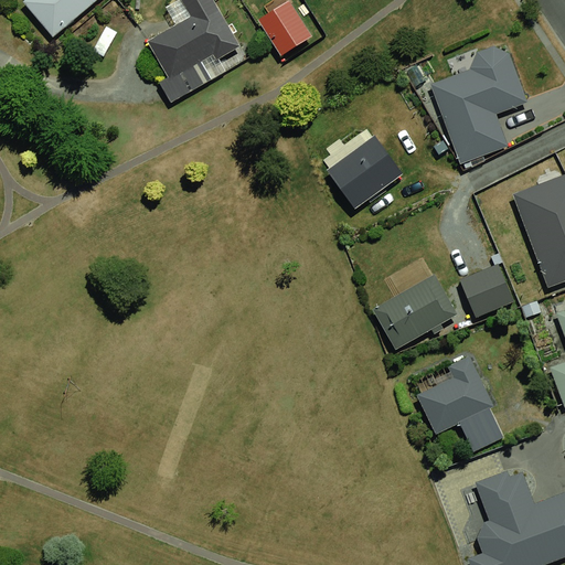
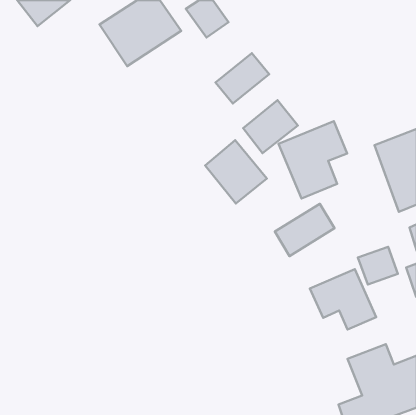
building: [433,57,525,162] -> [279,121,347,199]
building: none -> [215,53,269,103]
building: none -> [205,140,267,204]
building: [458,264,512,315] -> [358,247,398,284]

